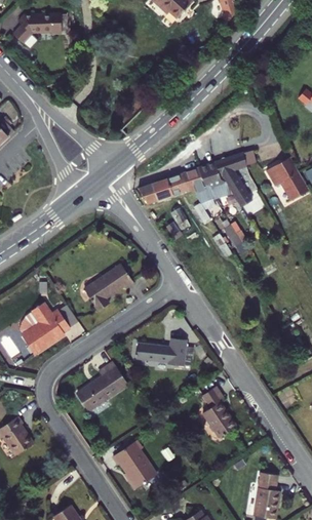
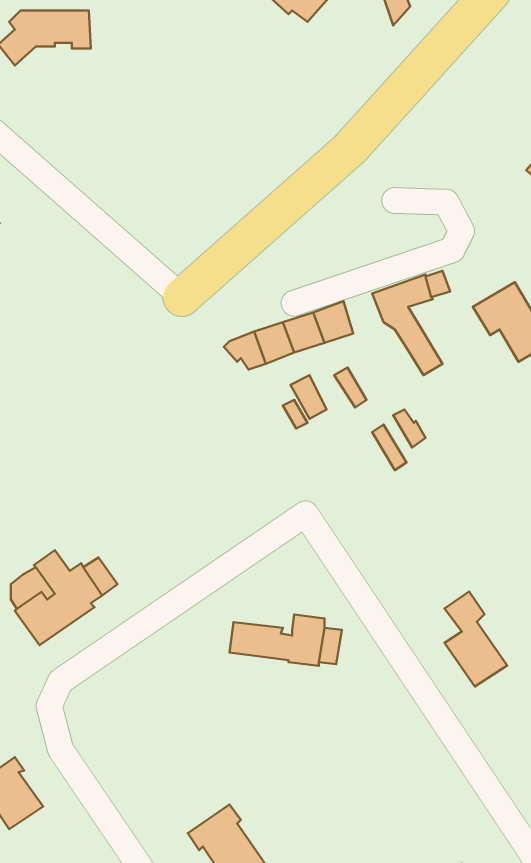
building: [198,164,233,203] -> none
building: [82,264,131,310] -> none
building: [76,362,128,411] -> none
building: [203,386,237,437] -> [445,591,507,686]

